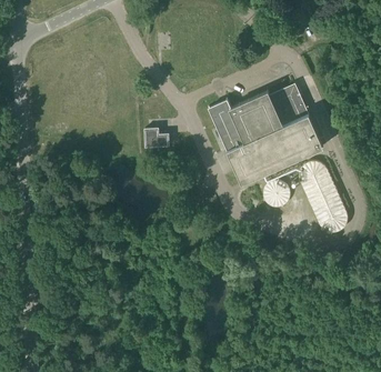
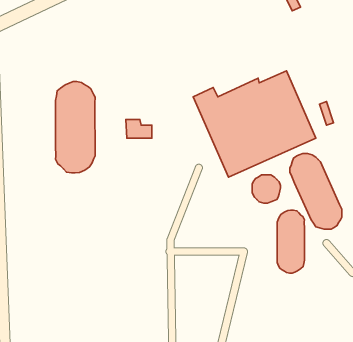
building: none -> [55,81,95,173]
building: none -> [277,210,304,273]

